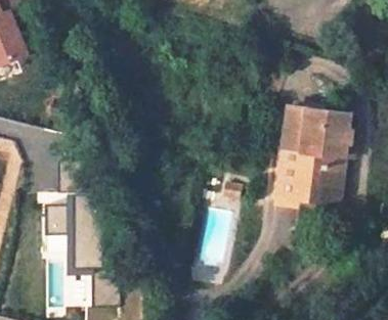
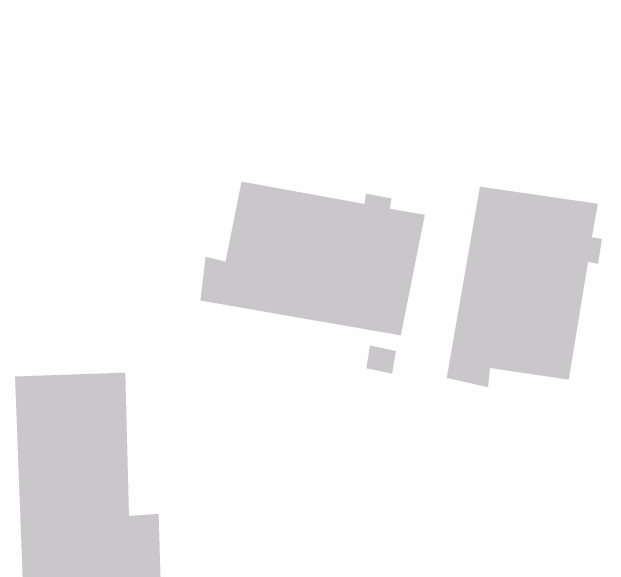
building: none -> [200,181,426,336]

